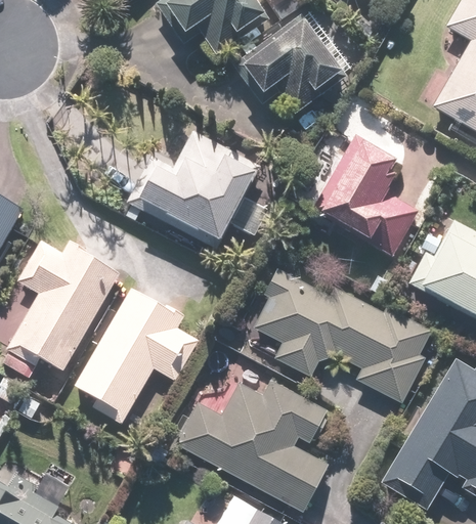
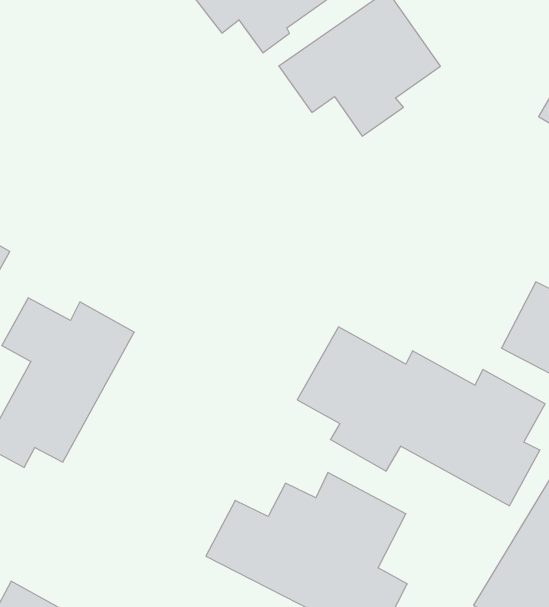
building: [130,129,260,251] -> none
building: [310,134,426,259] -> none
building: [73,287,201,425] -> none

